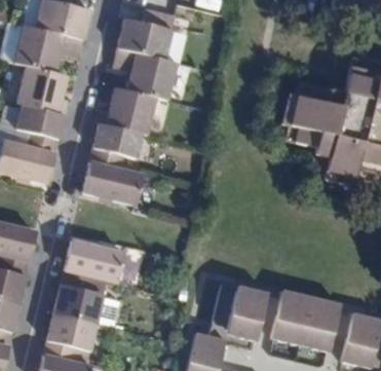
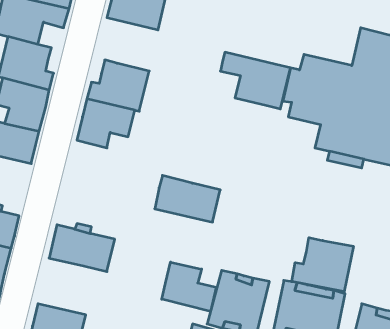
building: [114,48,179,101] -> [220,52,290,109]
building: [83,161,144,205] -> [155,175,220,222]
building: none -> [292,238,353,292]
building: [54,270,105,323] -> none
building: none -> [162,262,216,311]

